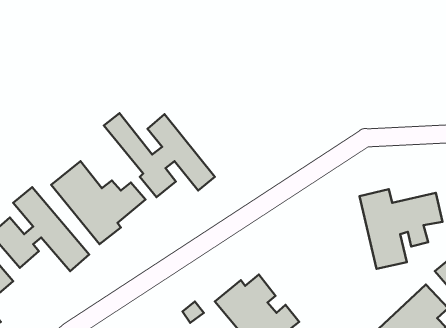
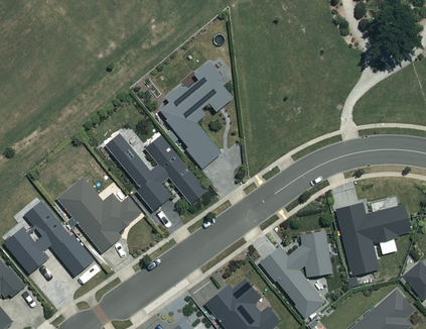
building: none -> [159,61,232,168]
building: none -> [260,230,332,317]

